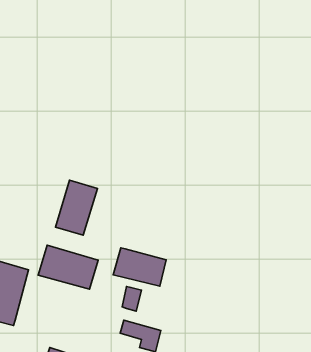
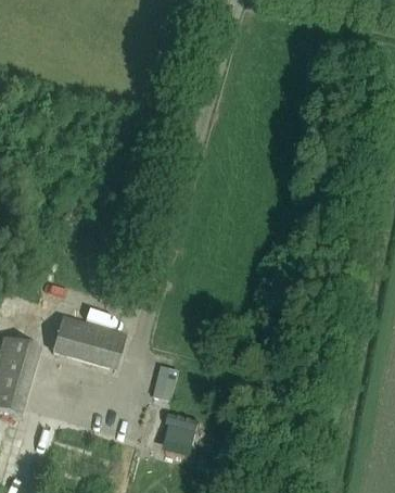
building: [56,180,98,235] -> none
building: [113,248,166,286] -> none

